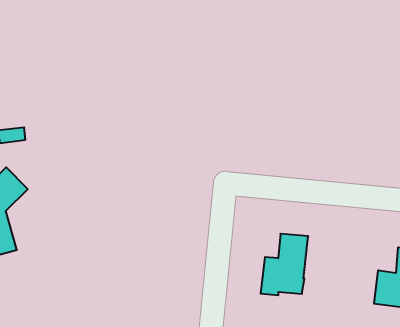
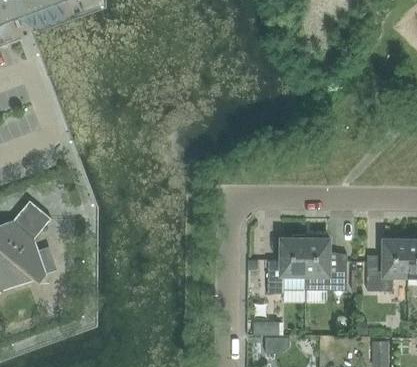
building: none -> [304,238,347,291]

